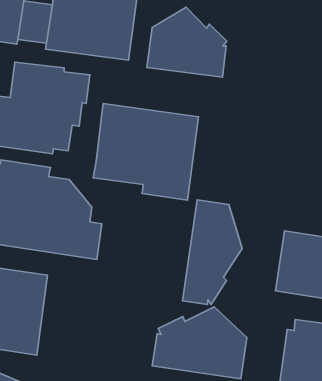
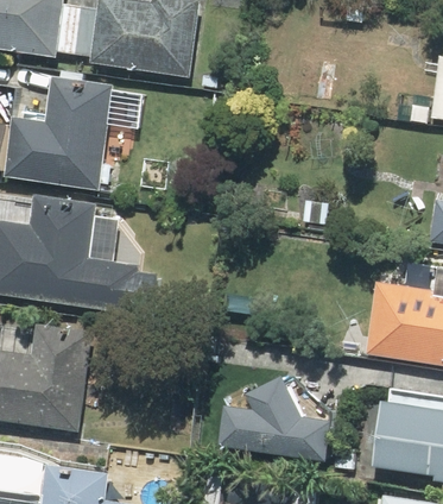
building: [147,7,227,77] -> none
building: [93,104,199,200] -> none
building: [182,200,242,305] -> none

